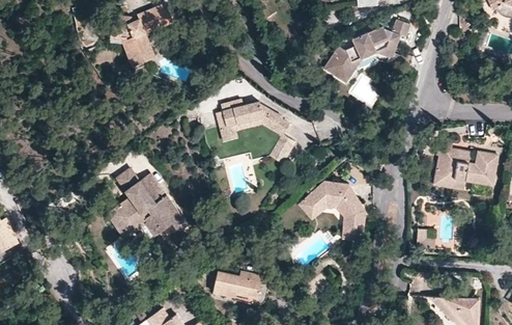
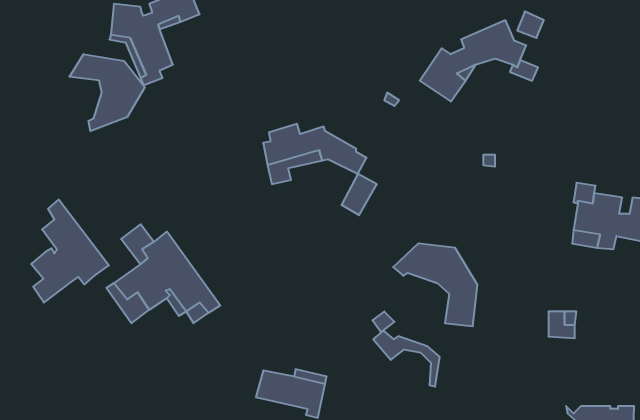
building: none -> [69,54,145,131]
building: none -> [31,200,109,303]
building: [301,198,347,238] -> [373,330,440,387]

